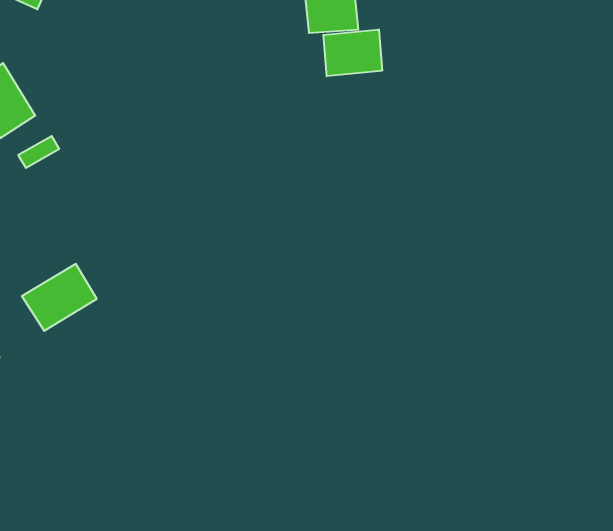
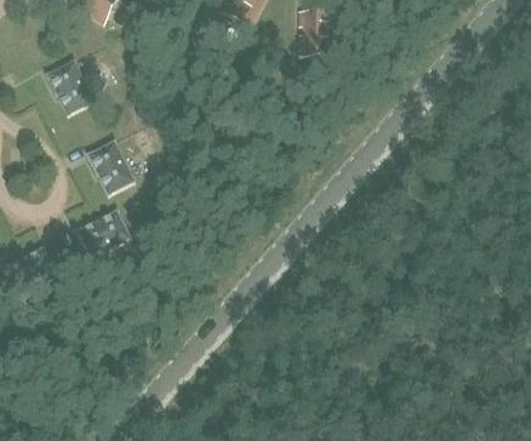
building: [323,29,382,76] -> none
building: none -> [86,139,133,193]

